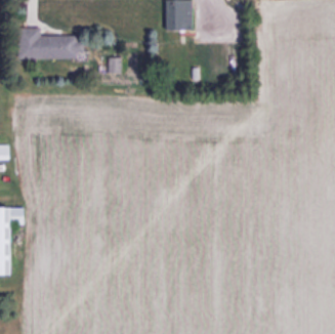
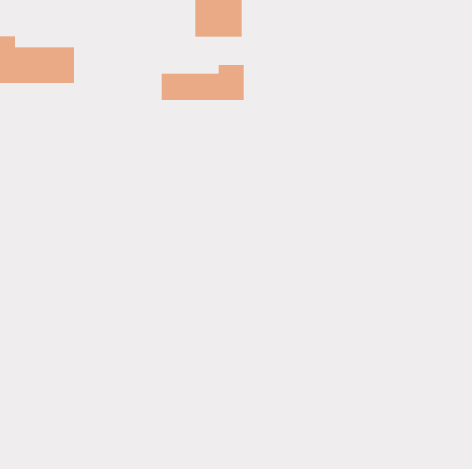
building: none -> [161,64,244,101]

